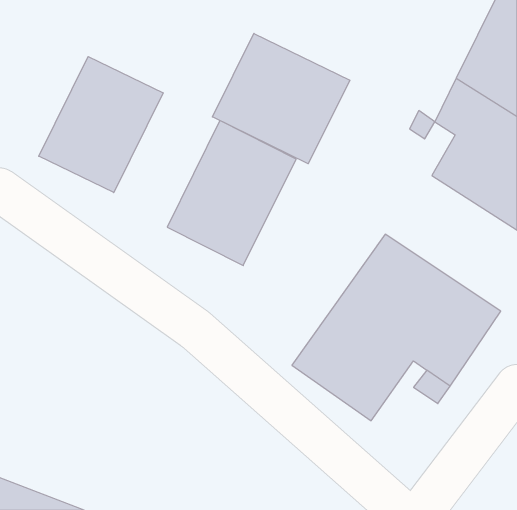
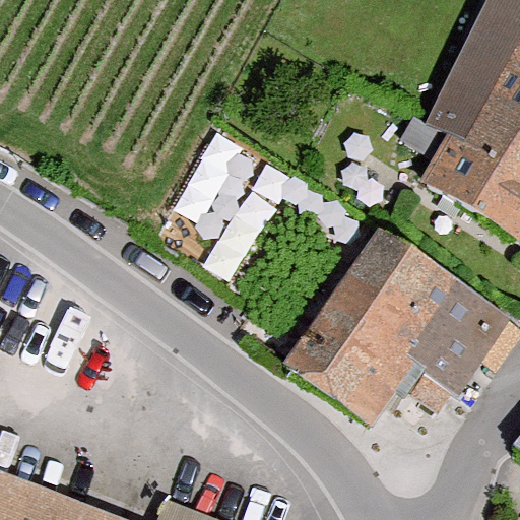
building: [212,33,350,164] -> none
building: [39,57,163,193] -> none

